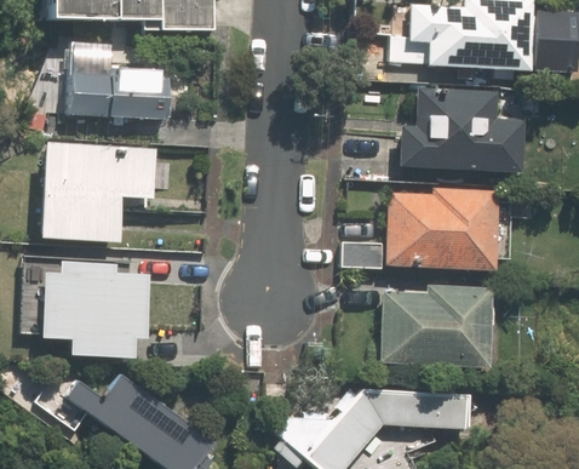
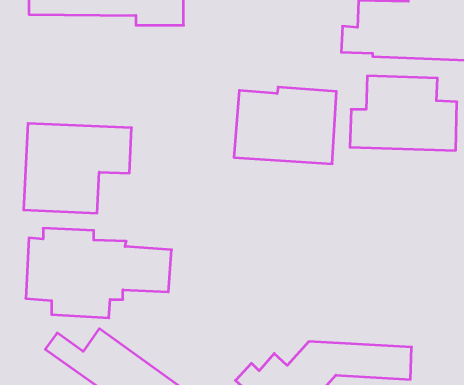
building: [67,45,171,119] -> none
building: [385,185,500,271] -> [234,87,336,164]
building: [379,282,492,368] -> none

